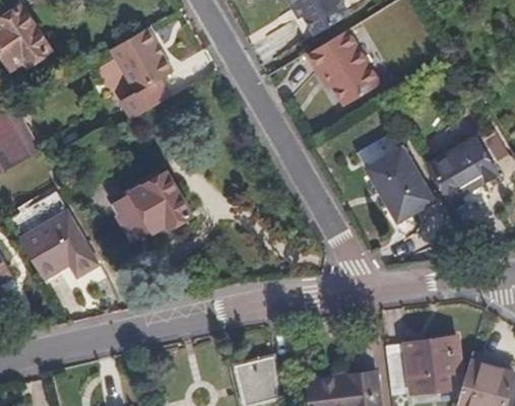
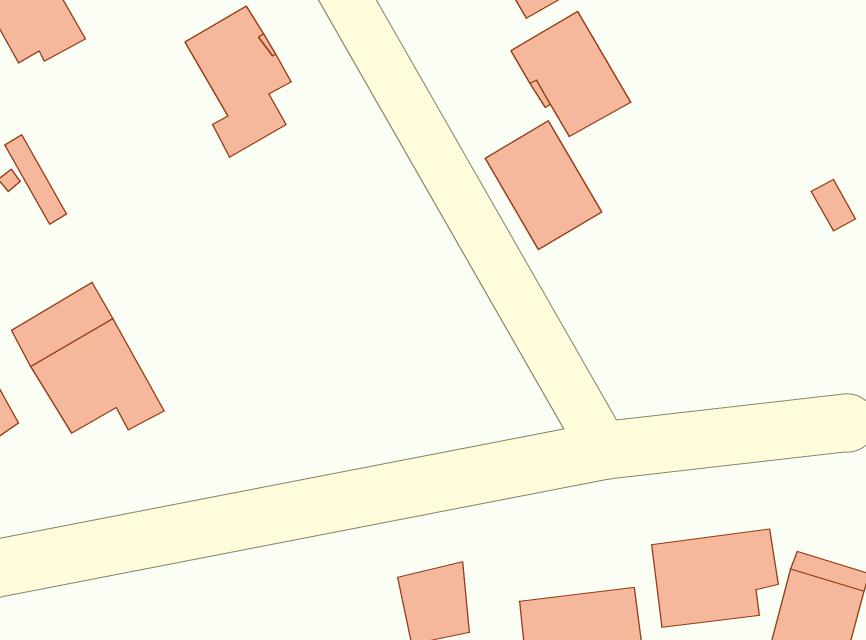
building: [427,136,498,201] -> none
building: [364,145,433,221] -> [485,121,602,250]
building: [113,173,192,242] -> none

